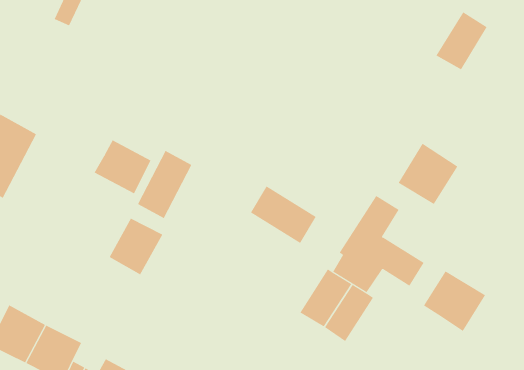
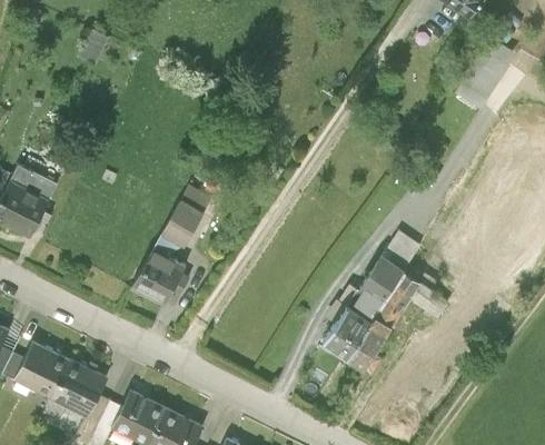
building: [94,139,151,194] -> none
building: [398,143,458,205] -> none
building: [250,186,317,244] -> none
building: [423,270,486,332] -> none

